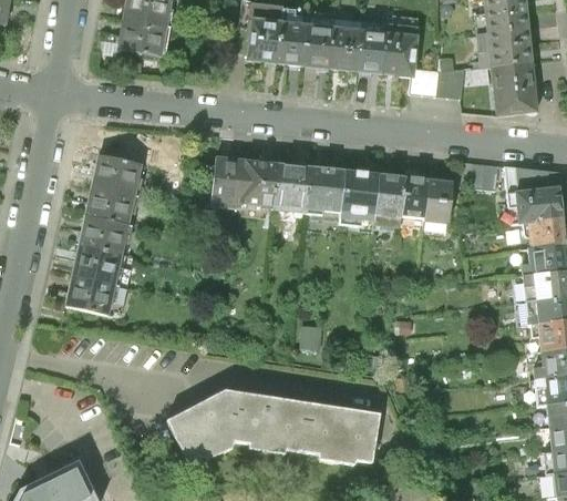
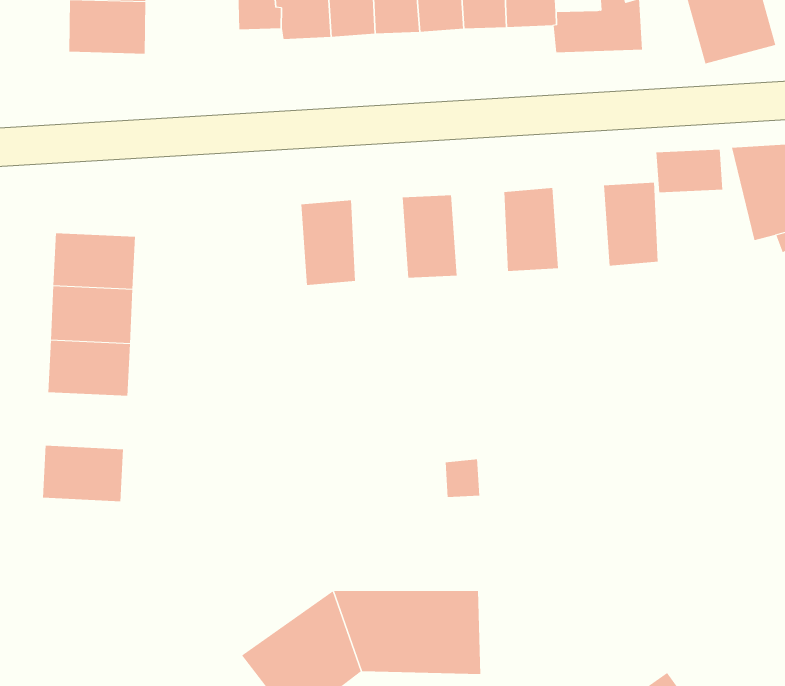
building: [208,155,243,207] -> none
building: [268,161,303,213] -> none
building: [329,167,364,218] -> none
building: [390,173,424,225] -> none
building: [68,246,122,287] -> none
building: [305,406,381,464] -> none

